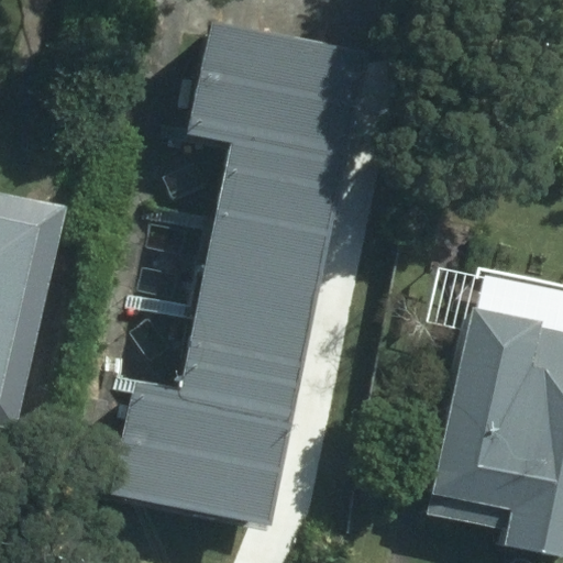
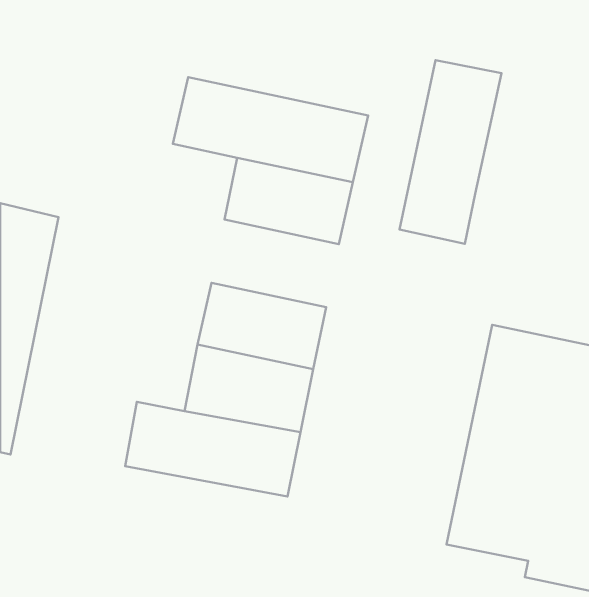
building: [185,14,364,109] -> none
building: none -> [399,60,501,244]
building: [207,207,327,289] -> none
building: [114,439,278,528] -> none

